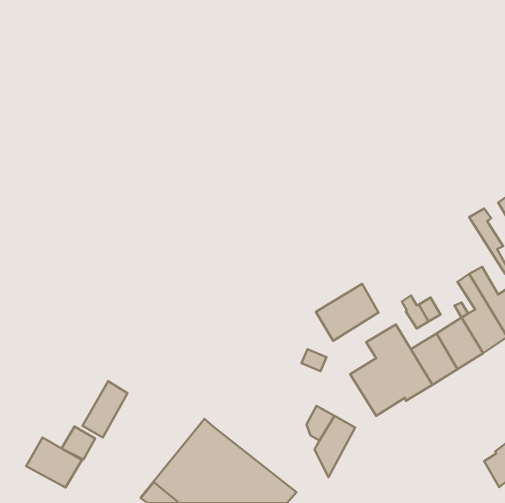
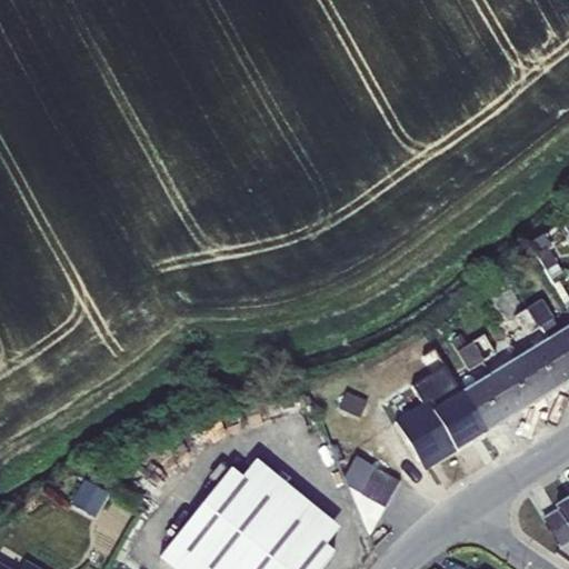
building: [316,284,378,341] -> none
building: [83,381,127,438] -> none
building: none -> [241,460,340,545]
building: [26,438,82,487] -> none

